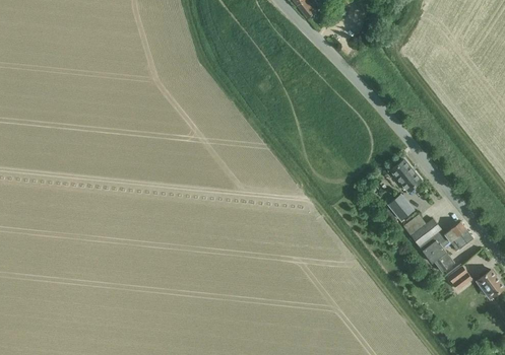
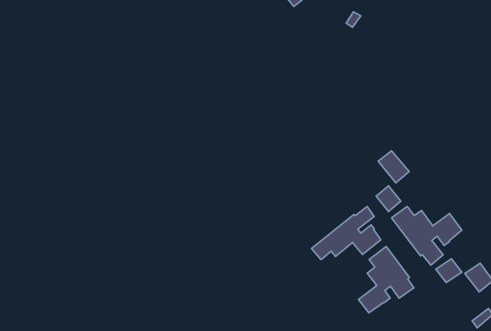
building: none -> [311,206,381,260]
building: none -> [359,246,414,313]

